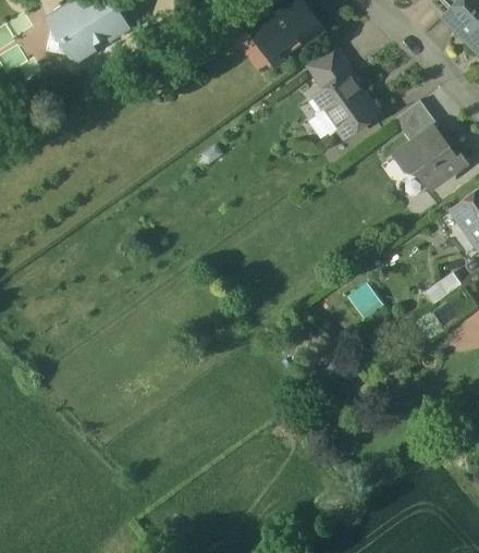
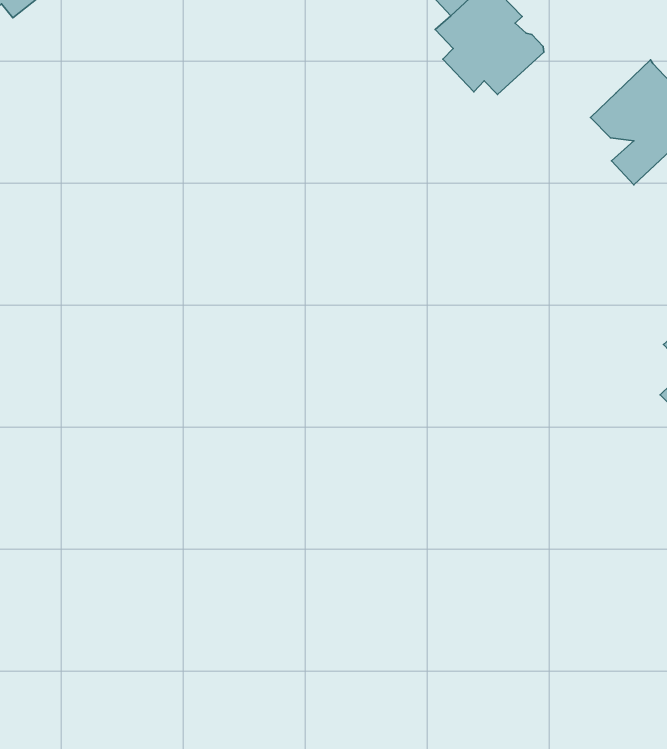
building: [395,101,439,145] -> none

